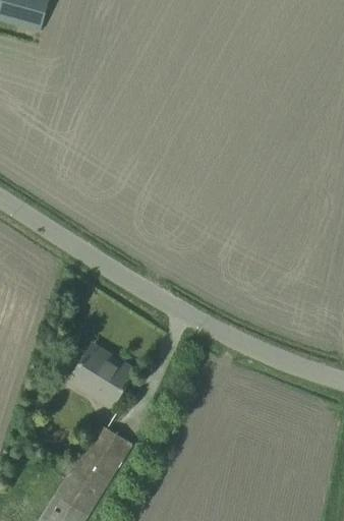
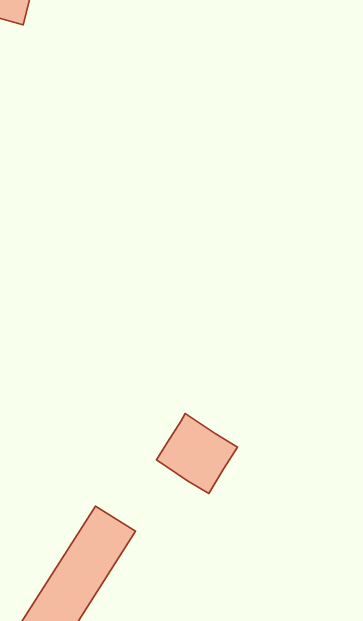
building: [68,343,134,408] -> [156,413,237,493]

